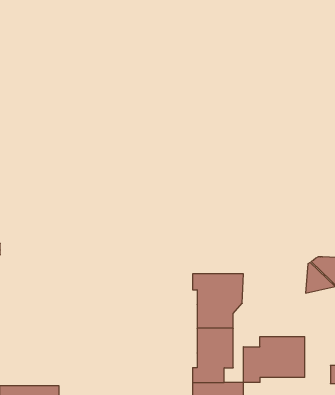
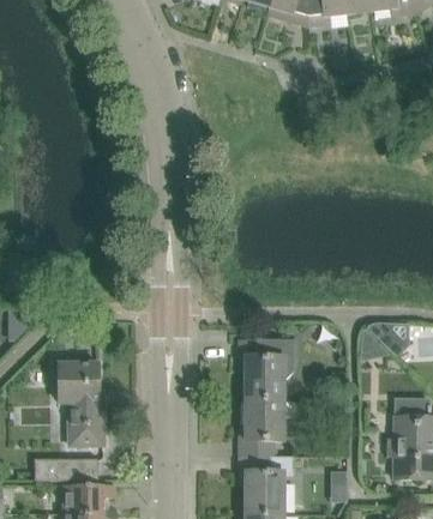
building: none -> [58,363,103,445]
building: [243,337,305,382] -> none

